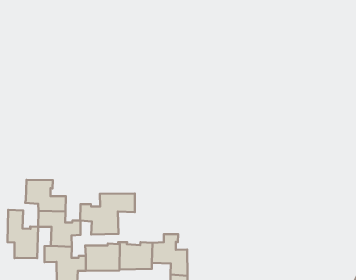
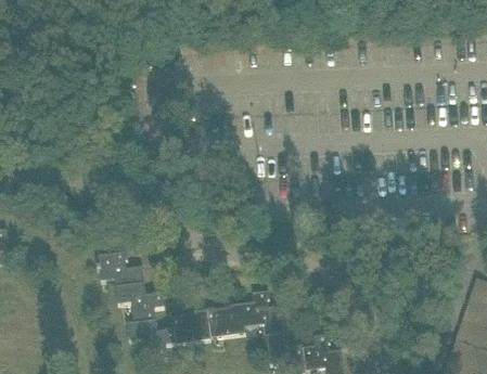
building: [80,193,135,235] -> none
building: [7,210,38,258] -> none

